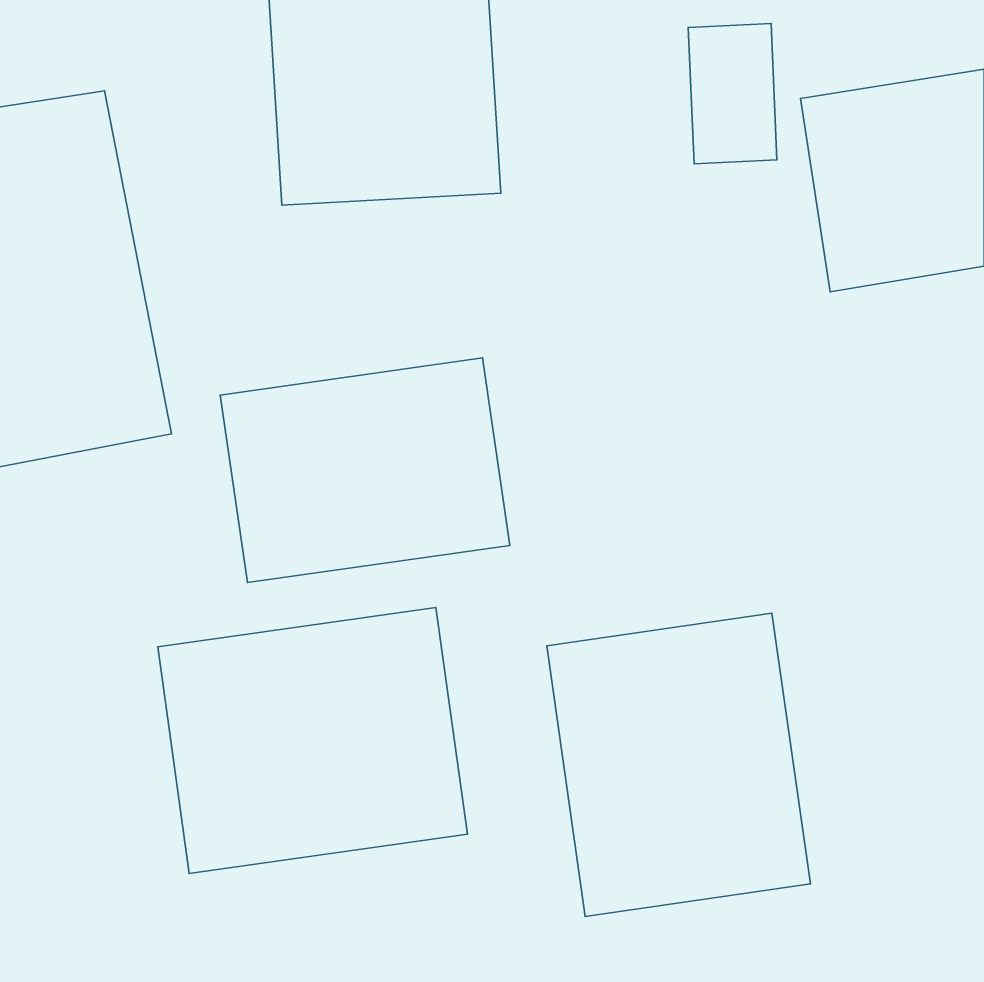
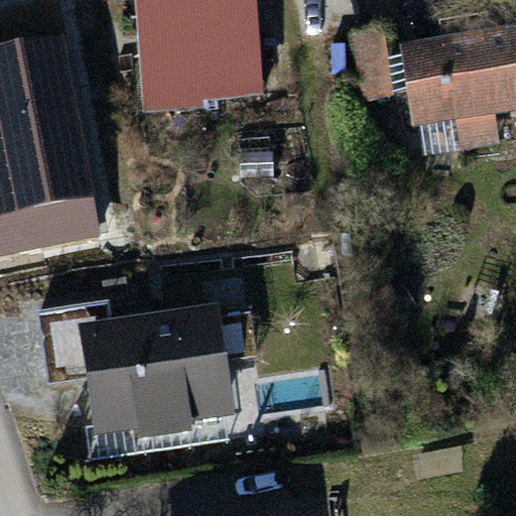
building: [220,358,510,583] -> none
building: [547,613,810,916] -> none

